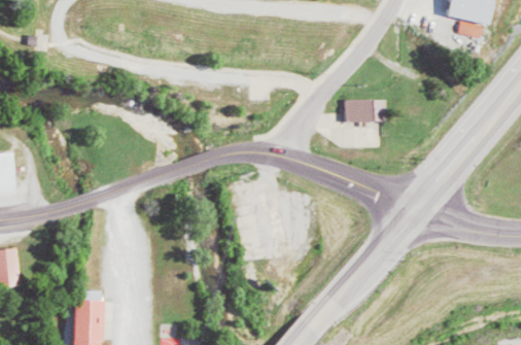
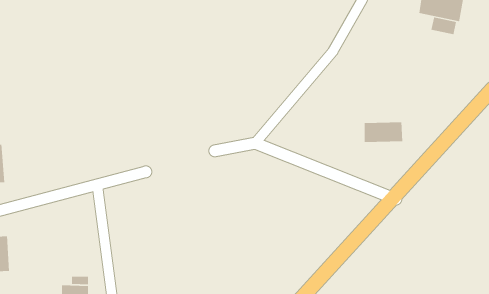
building: [345,99,386,120] -> [364,122,403,143]

